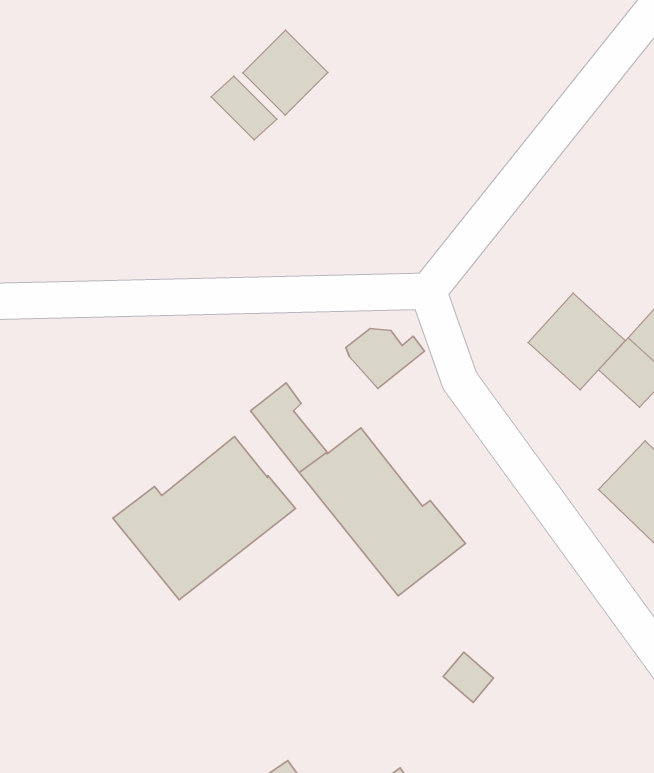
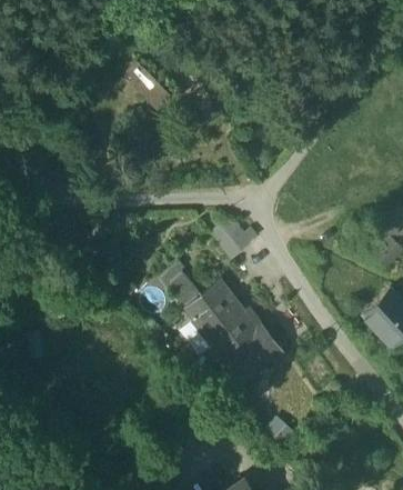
building: [243,30,328,115] -> none
building: [528,293,625,390] -> none
building: [113,437,295,600] -> none

